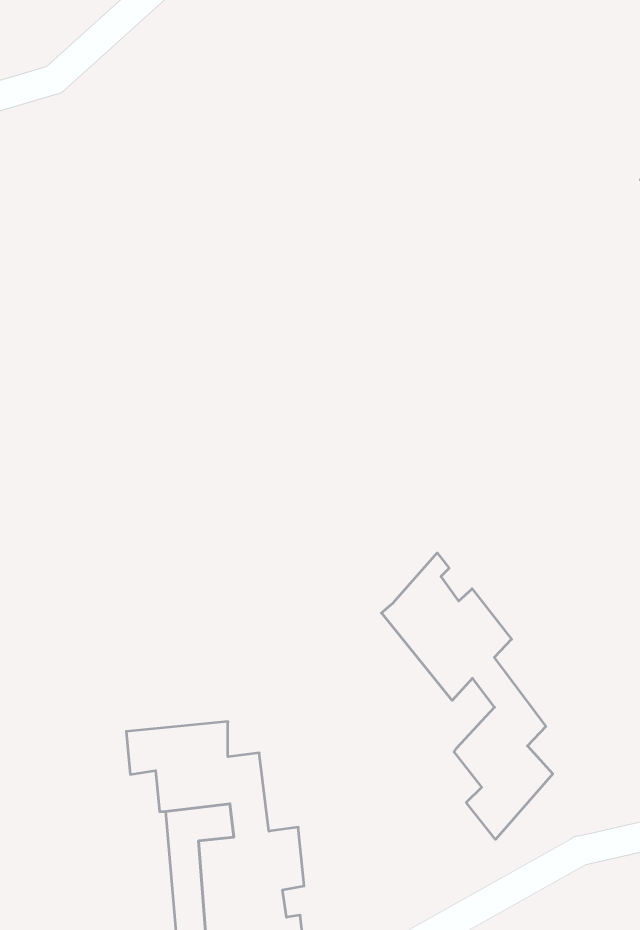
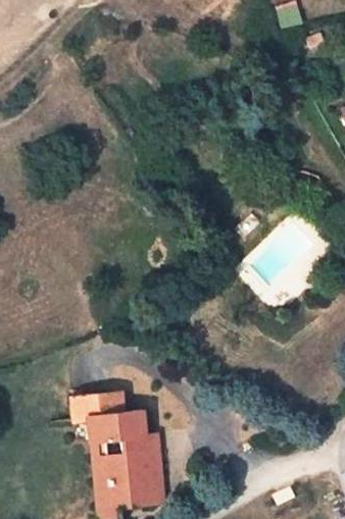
building: [381,553,553,839] -> none

